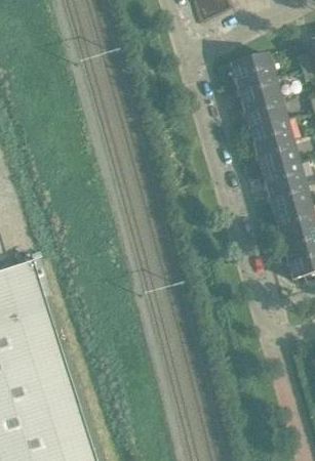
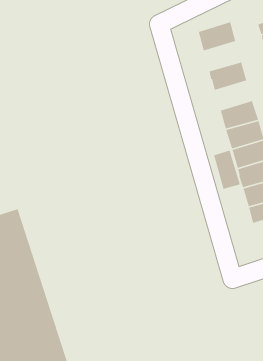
building: [237,74,280,107] -> none
building: [249,118,292,151] -> none
building: none -> [213,150,241,190]

